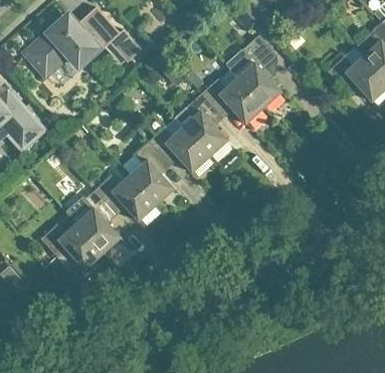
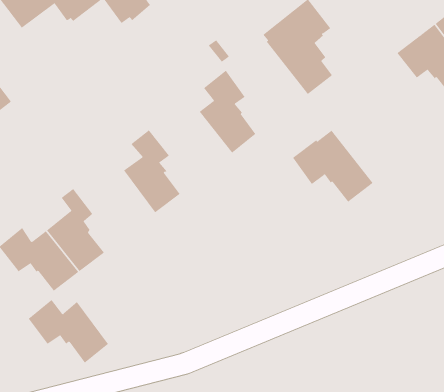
building: [200,70,262,124] -> [292,130,373,202]
building: [146,118,209,172] -> none
building: [92,175,155,221] -> [28,299,109,364]

